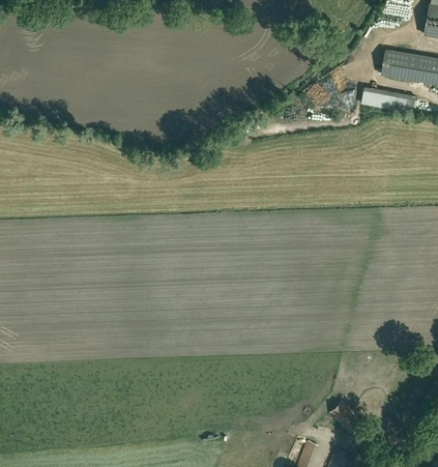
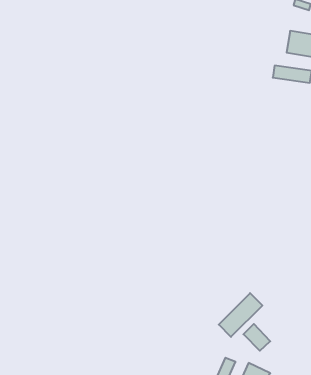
building: none -> [219,293,262,337]

